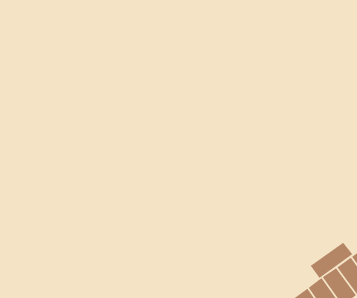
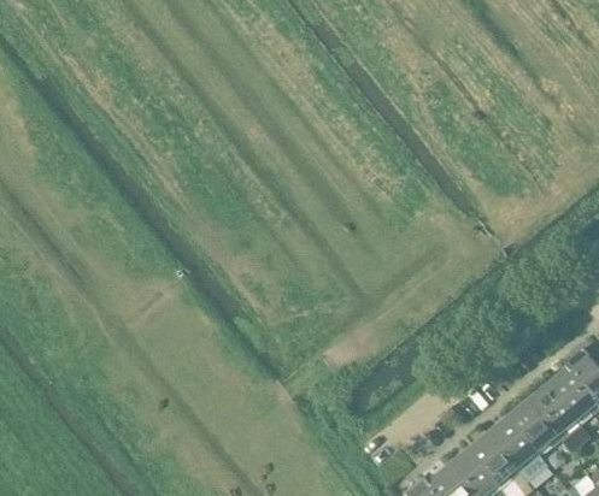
building: [310,242,353,279] -> none

